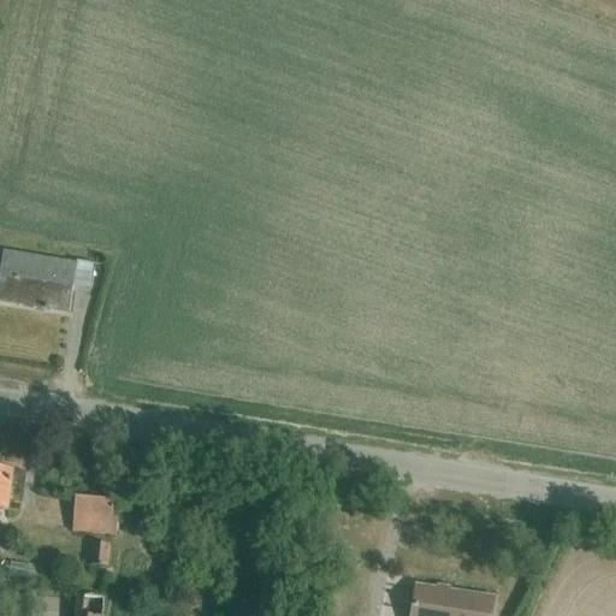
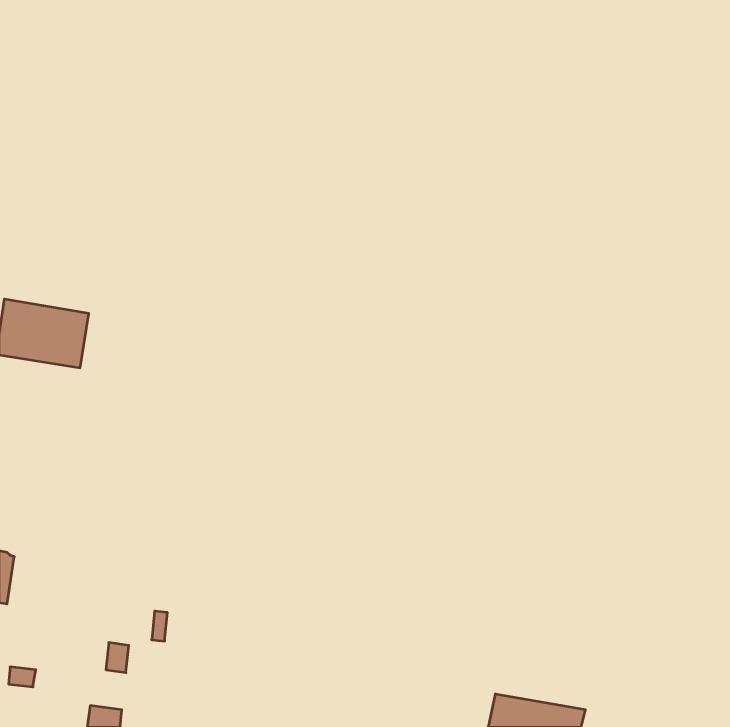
building: [71,494,117,533] -> none

